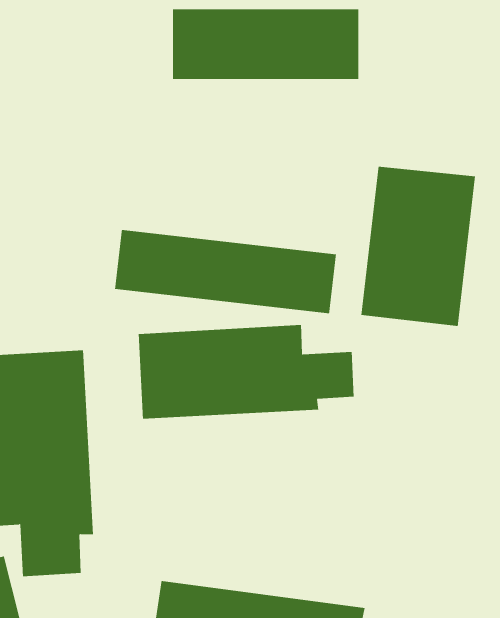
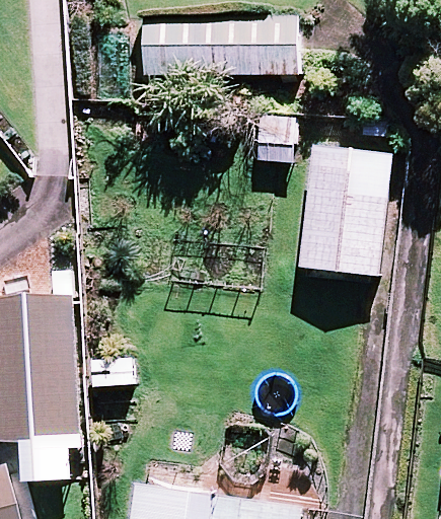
building: [114,229,336,314] -> none
building: [138,324,354,420] -> none

